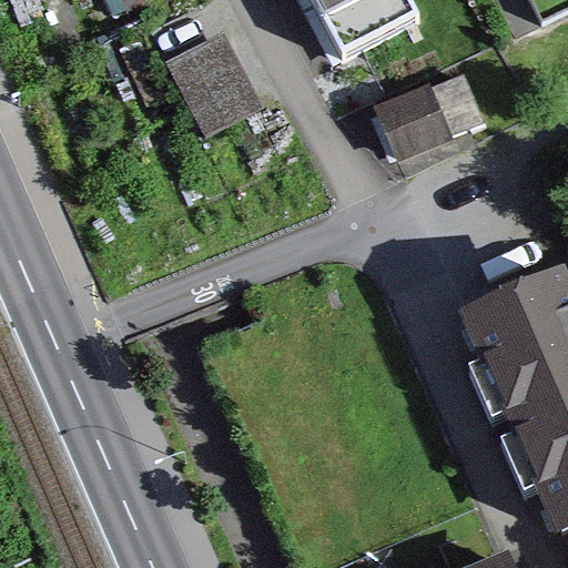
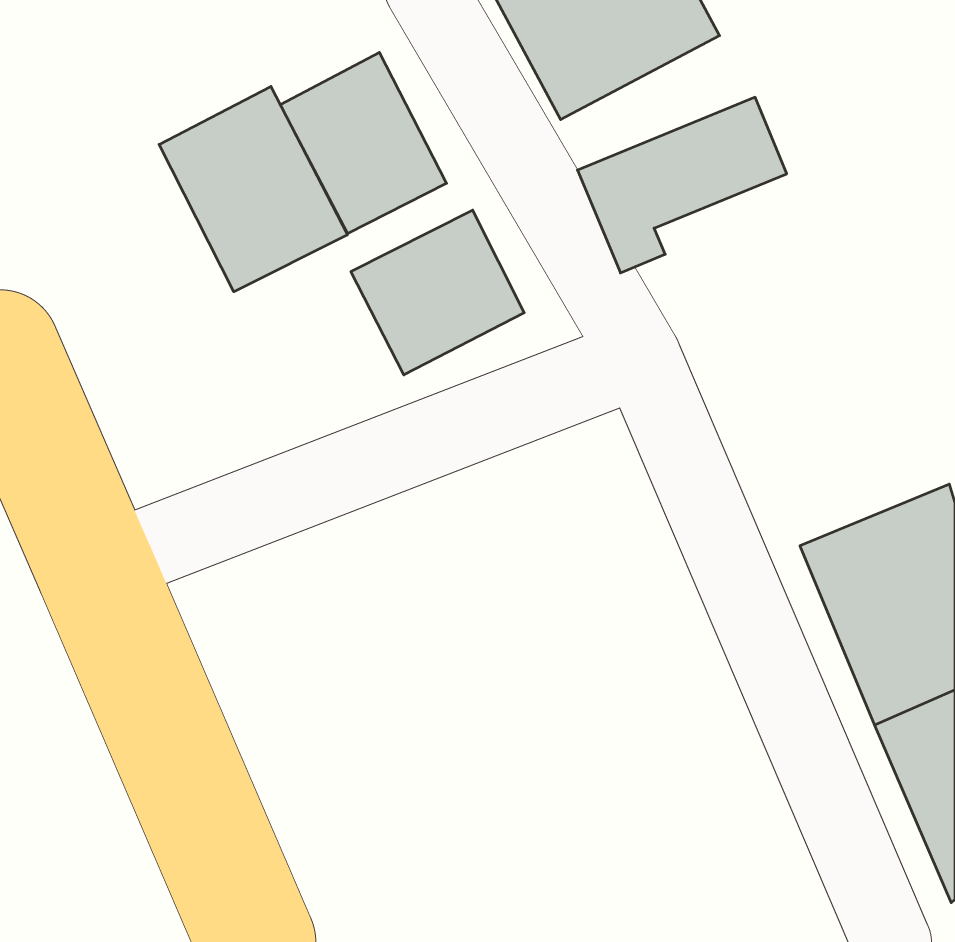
building: none -> [159,86,347,292]
building: none -> [351,210,524,375]

